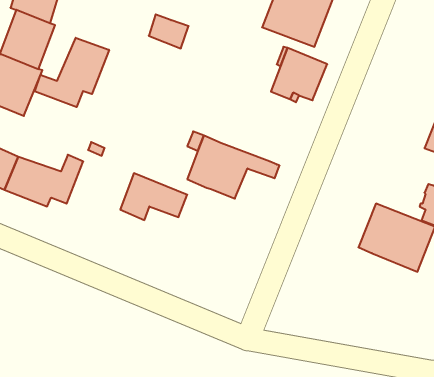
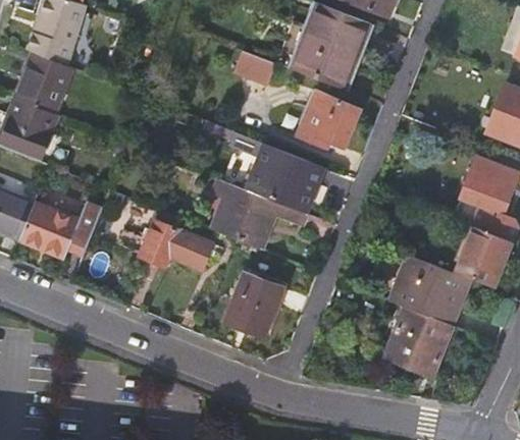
building: [149,14,189,48] -> [233,51,275,87]
building: [35,38,109,107] -> none
building: none -> [228,131,323,213]
building: none -> [225,272,281,335]
building: none -> [384,306,453,375]

